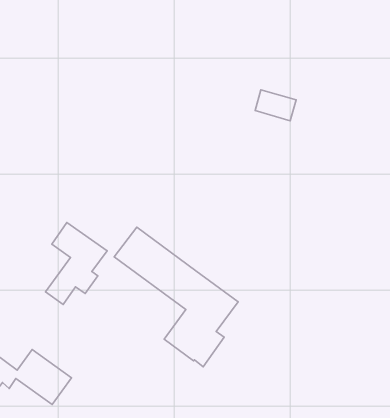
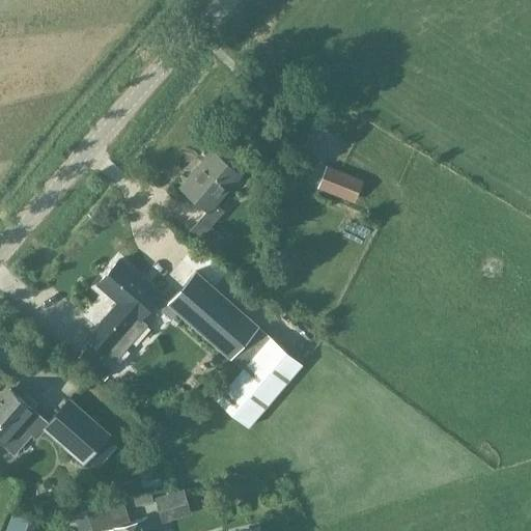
building: [255,90,296,121] -> [316,167,363,204]
building: none -> [181,149,241,257]

